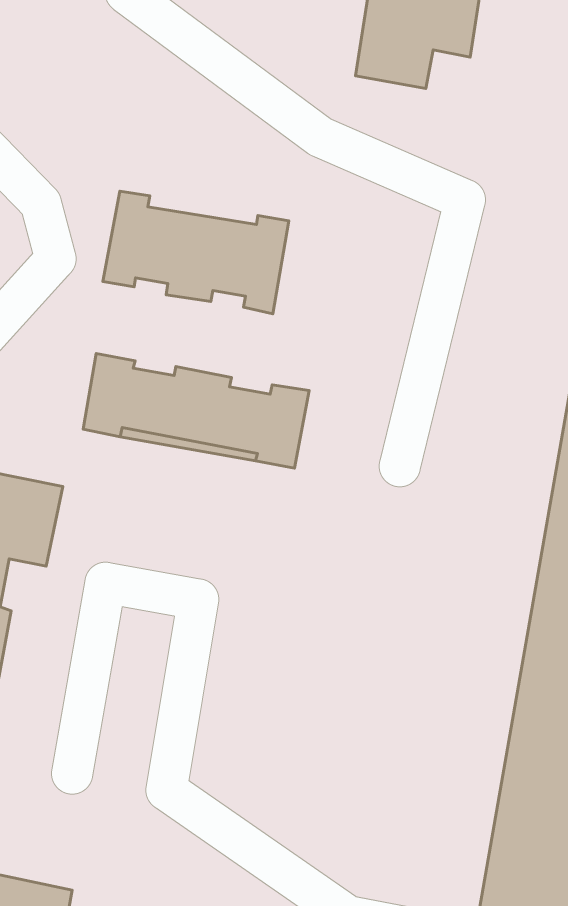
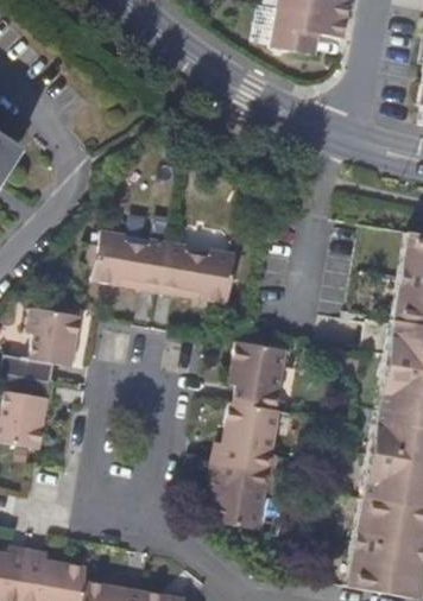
building: [103,191,289,314] -> none
building: none -> [212,341,289,527]

